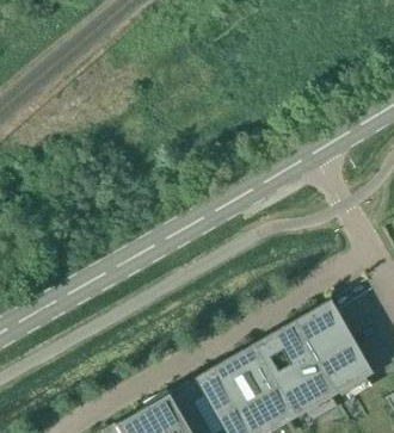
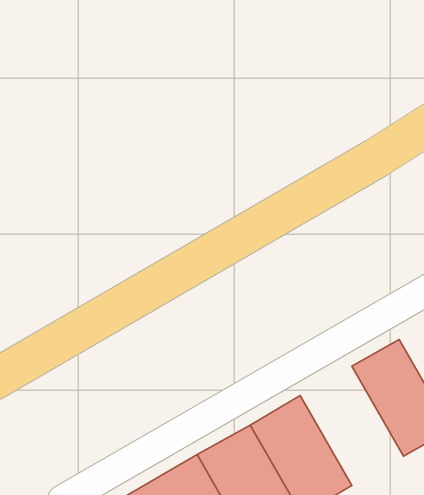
building: [253,321,337,417] -> none

